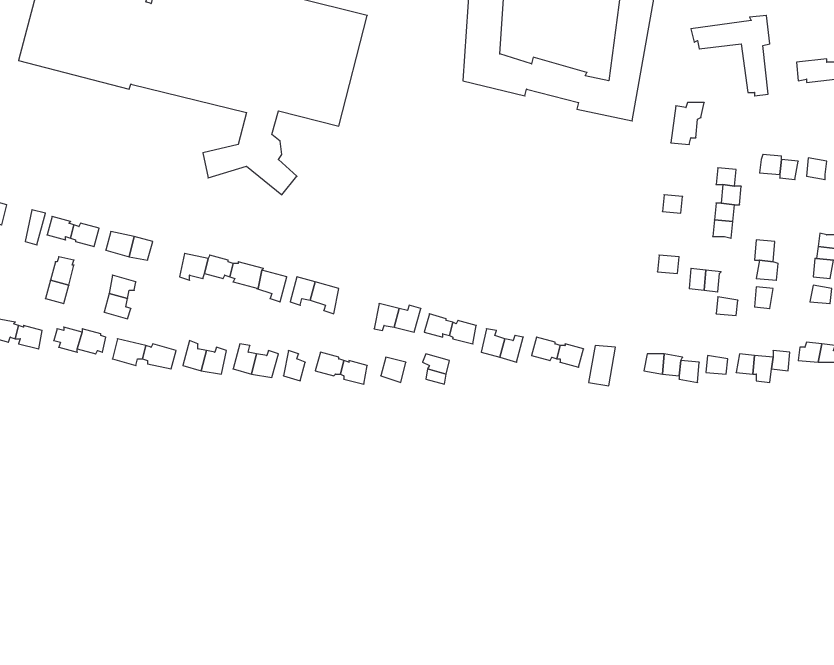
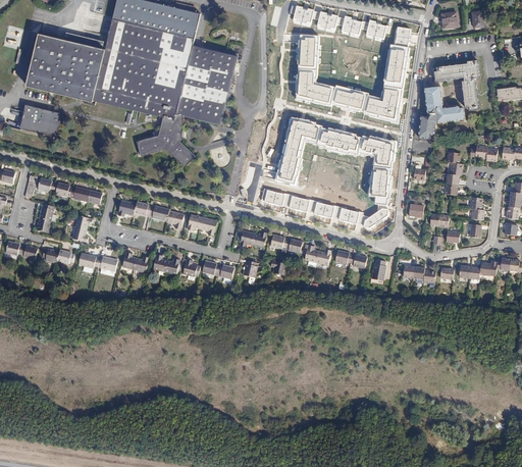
building: none -> [424,81,466,119]
building: none -> [18,104,61,137]
building: none -> [260,115,394,226]

